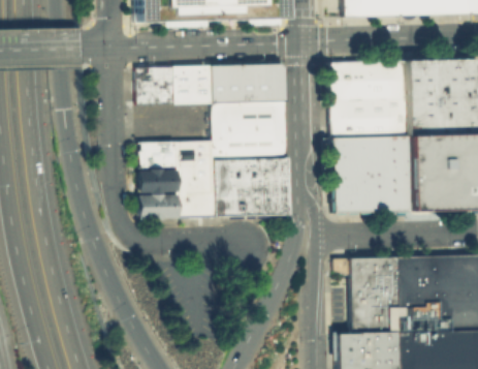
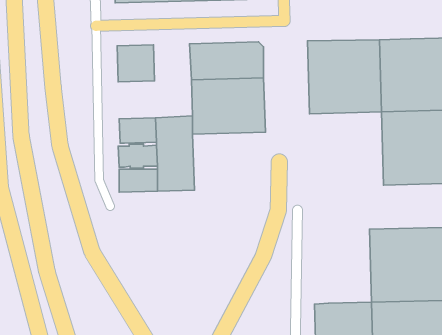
building: [172,64,212,102] -> none
building: [333,134,410,212] -> none
building: [213,155,289,215] -> none
building: [336,255,397,332] -> none

